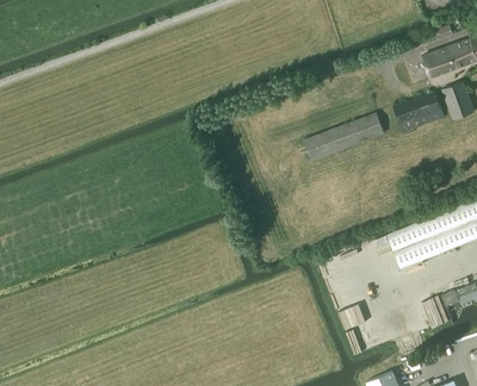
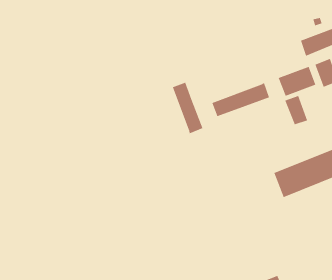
building: none -> [172,82,203,134]
building: none -> [285,95,308,125]

